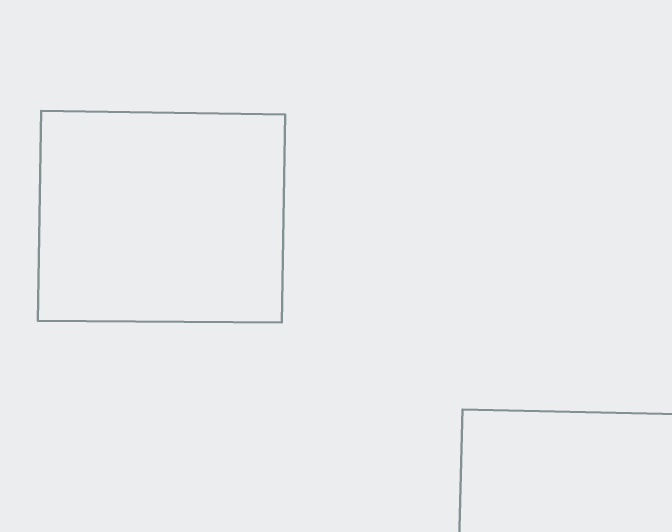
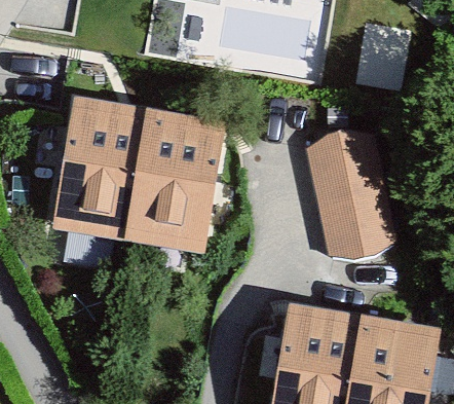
building: none -> [310,139,391,256]

